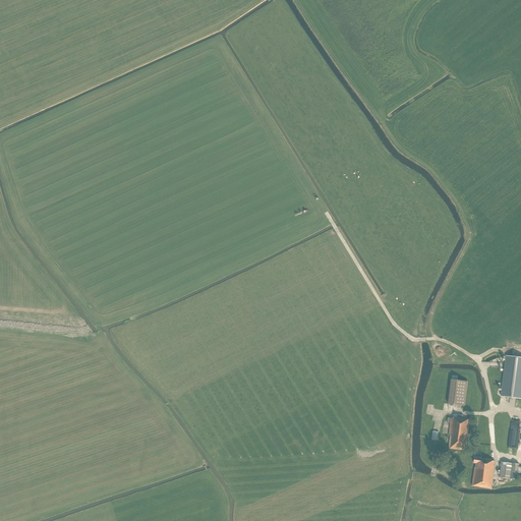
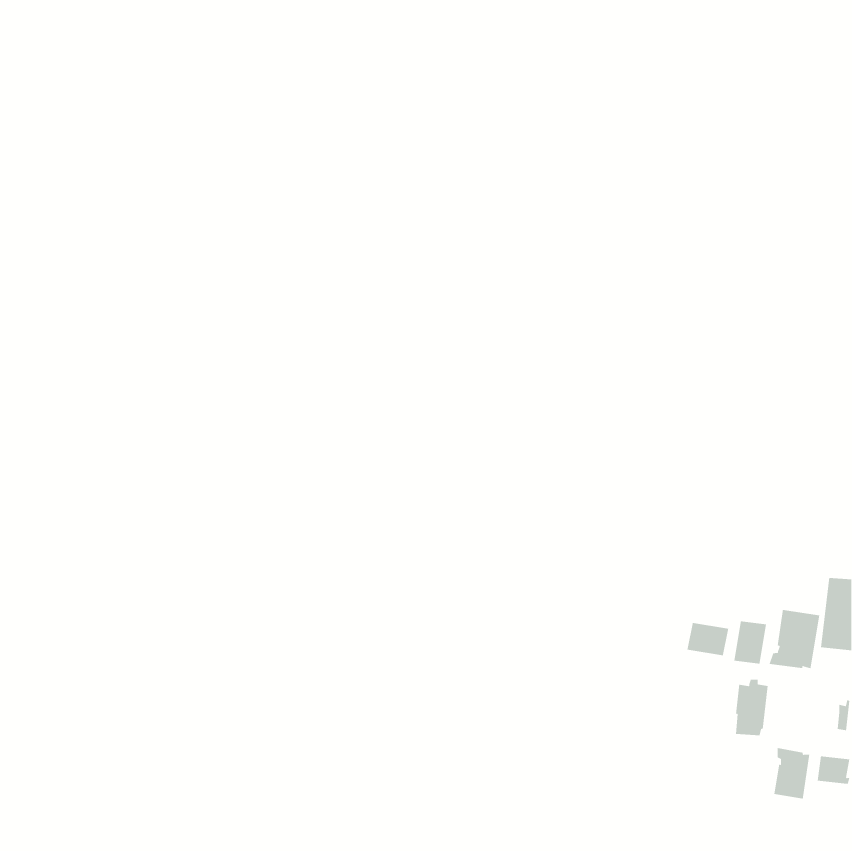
building: none -> [769,609,820,669]
building: none -> [687,622,729,656]

